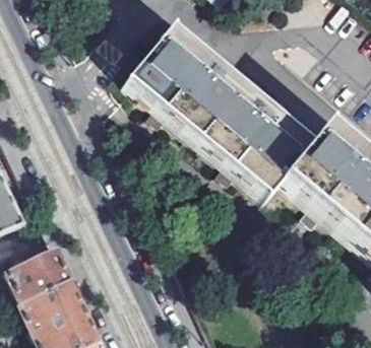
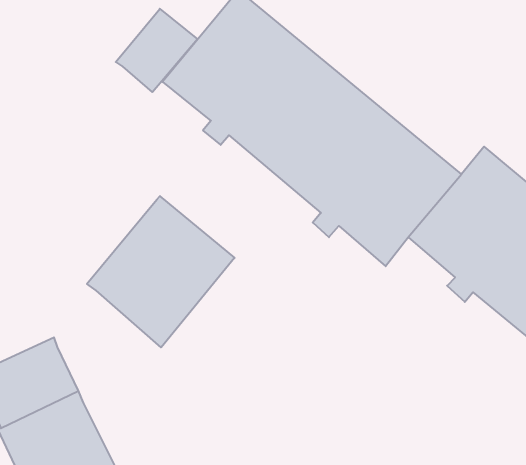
building: none -> [116,9,198,92]
building: none -> [87,196,235,347]

